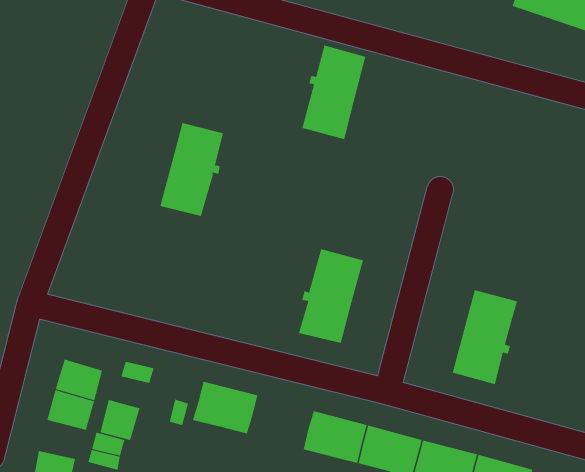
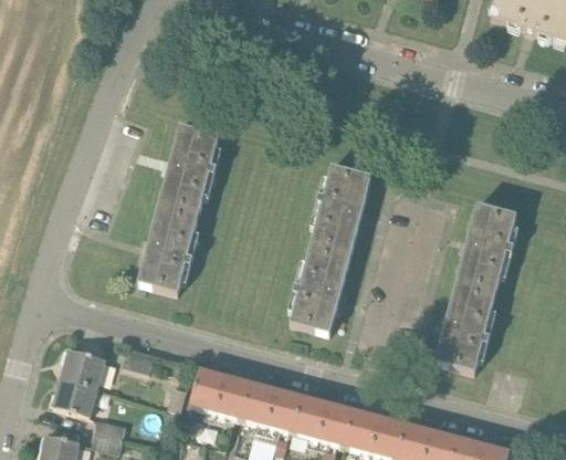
building: [301,45,366,140] -> [311,165,371,254]
building: none -> [138,203,199,293]
building: none -> [455,203,517,293]
building: none -> [242,381,304,432]
building: [100,399,140,441] -> none

